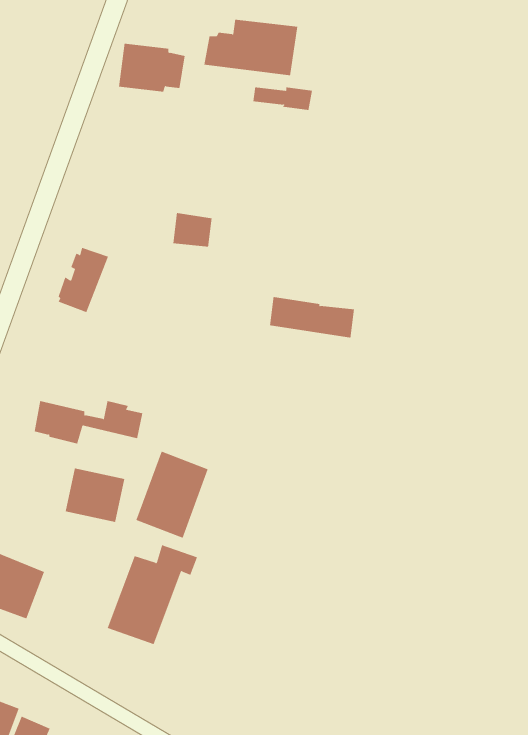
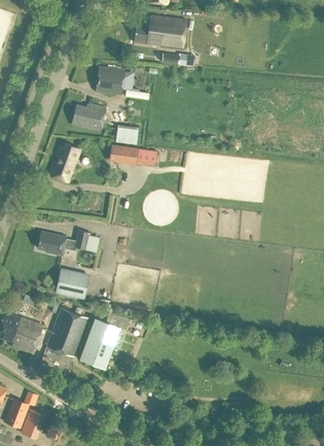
building: [118,43,186,92] -> [96,65,134,93]
building: none -> [70,103,106,131]
building: [269,296,355,338] -> [108,143,156,167]
building: [136,451,209,538] -> [46,307,87,356]

